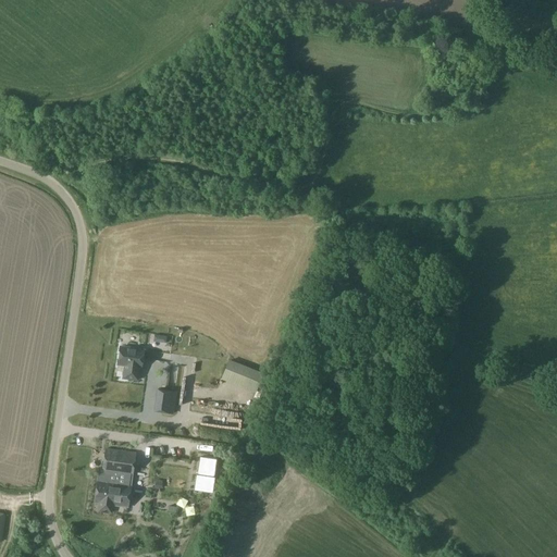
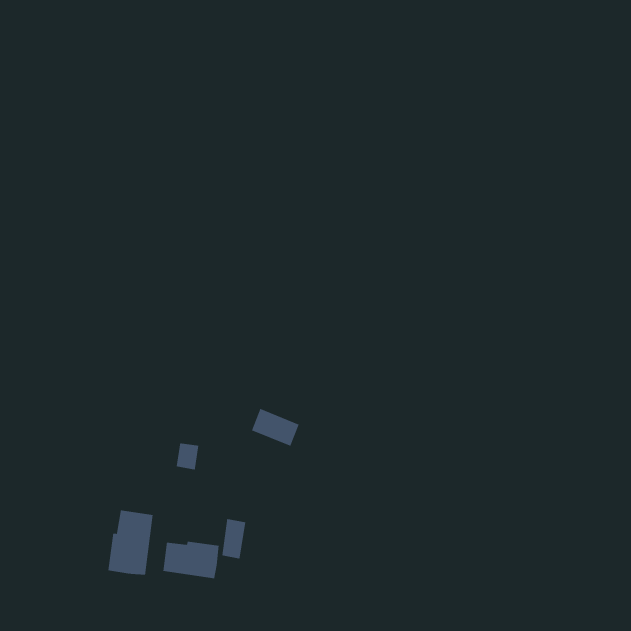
building: [119,346,145,380] -> none
building: none -> [163,541,219,579]

